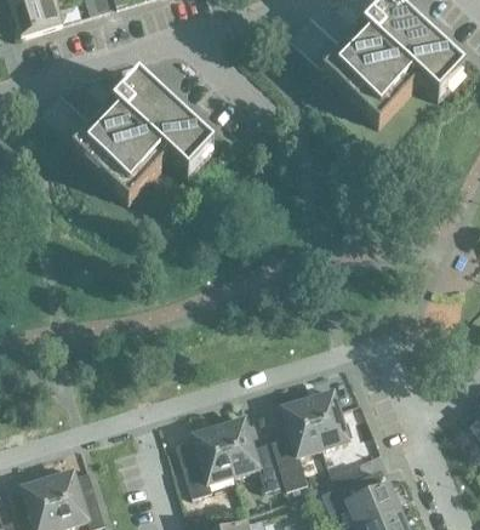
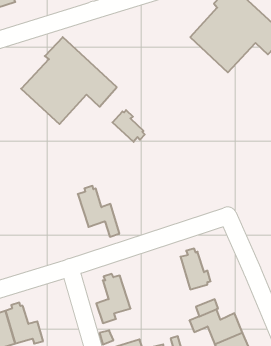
building: none -> [112,110,145,142]
building: [272,395,322,486] -> none
building: [218,412,280,488] -> [78,186,119,237]

